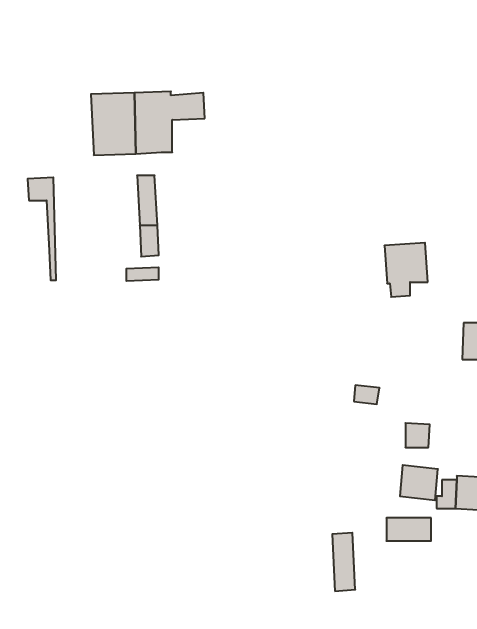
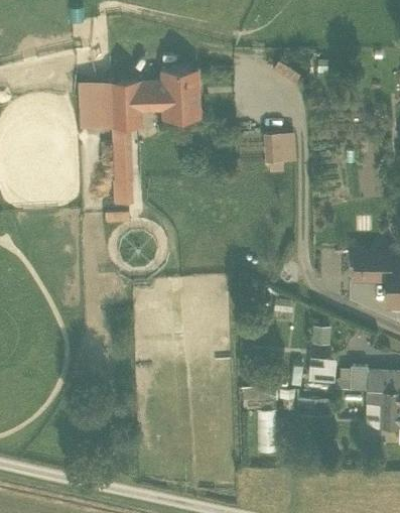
building: none -> [161,71,198,121]
building: [28,177,56,280] -> [112,127,133,204]
building: [384,243,428,297] -> [264,133,296,173]

